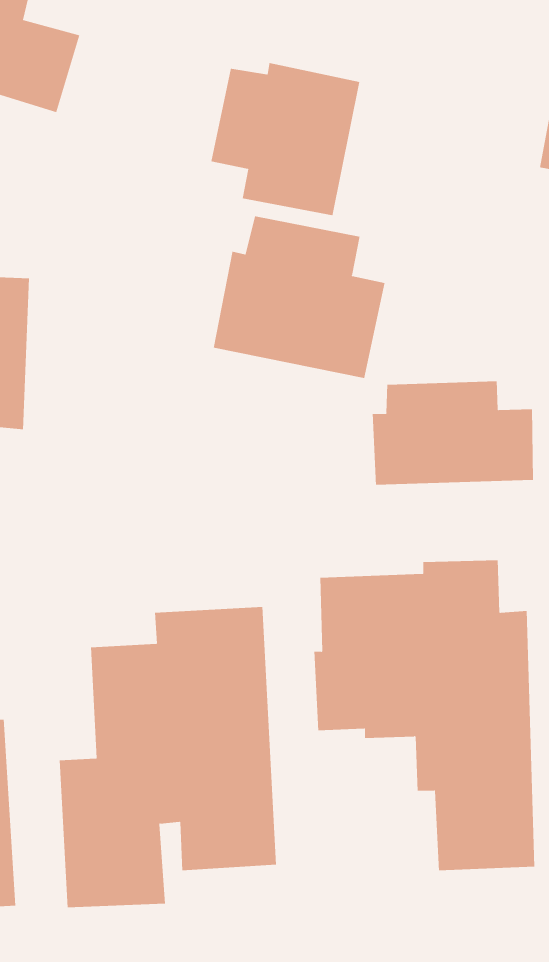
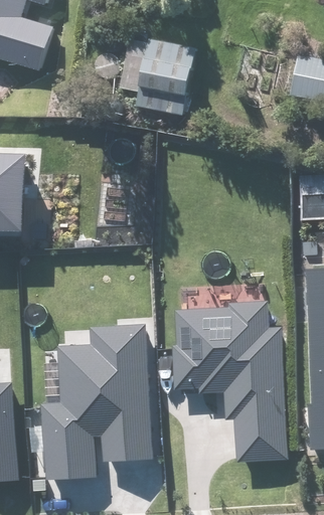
building: [213,215,385,379] -> none
building: [372,380,534,485] -> none

